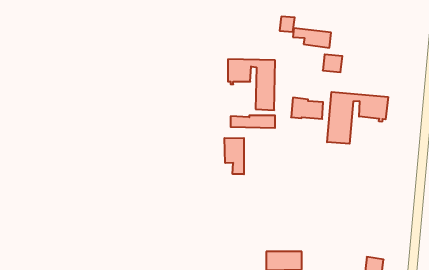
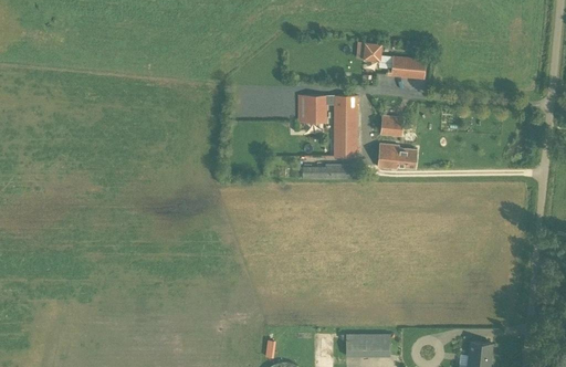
building: [323,54,342,72] -> [379,115,403,137]
building: [327,92,388,144] -> none
building: [225,138,244,174] -> none

